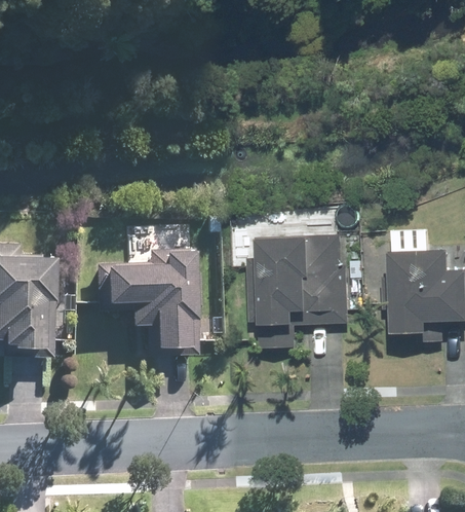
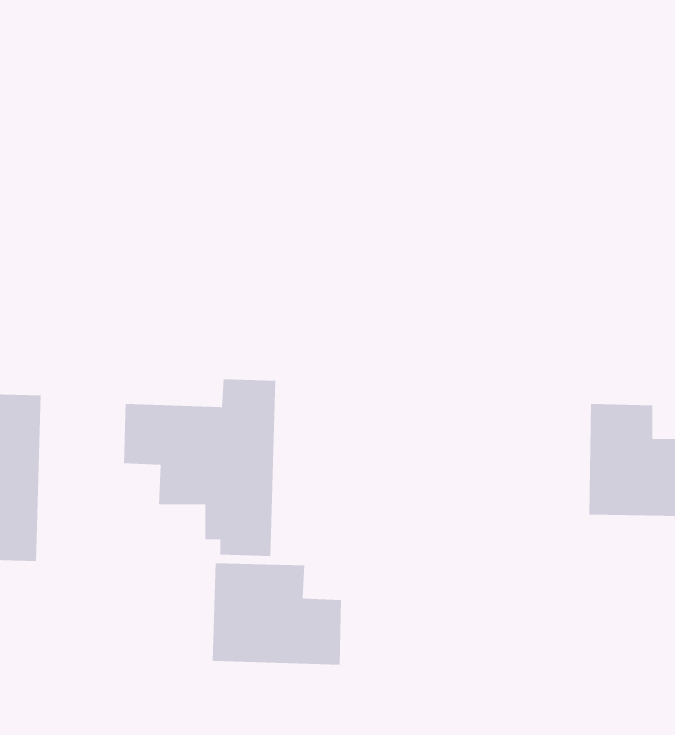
building: [260,235,348,325] -> none
building: none -> [212,562,341,666]

